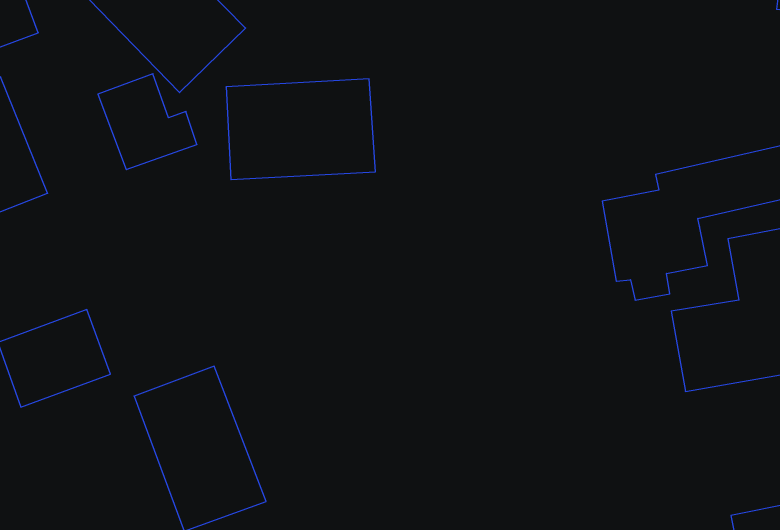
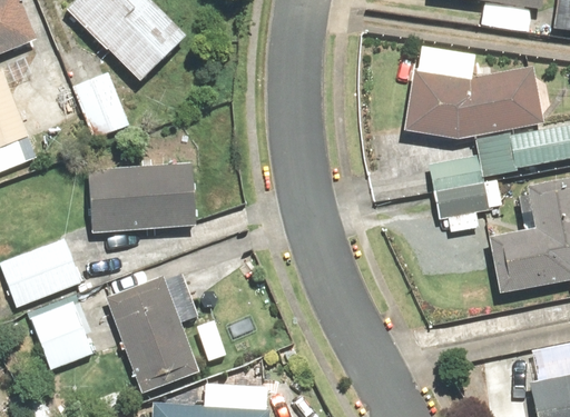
building: none -> [400,67,540,141]
building: [226,79,375,180] -> [86,161,191,232]
building: none -> [36,295,101,367]

